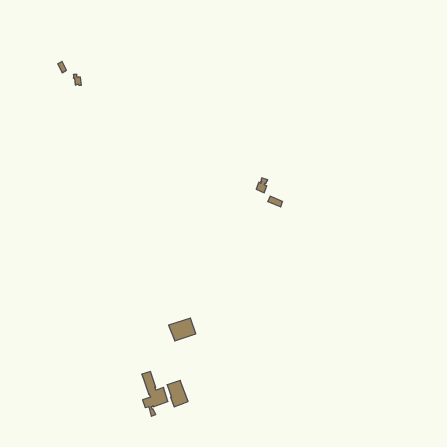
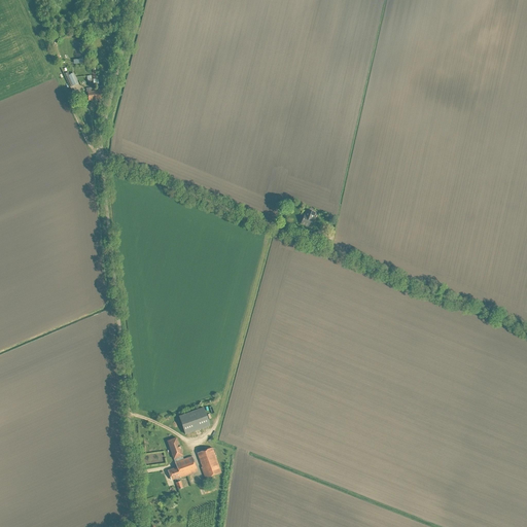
building: [169,318,196,341] -> [178,407,210,433]

